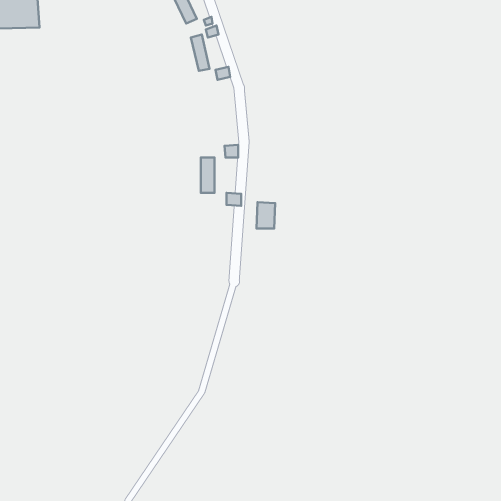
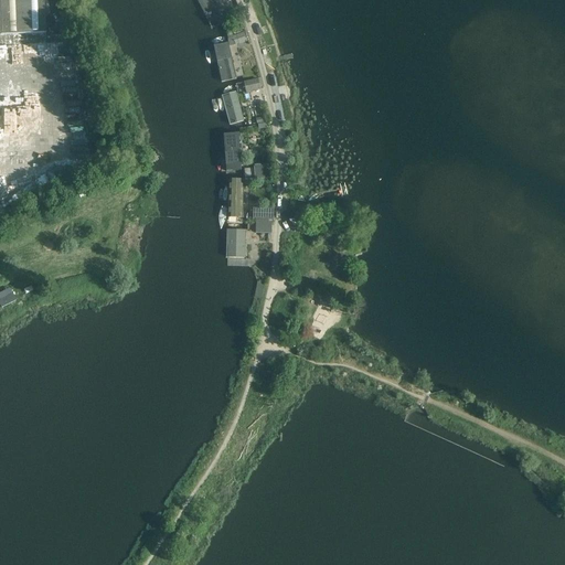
building: none -> [221,87,244,124]
building: none -> [221,130,242,170]
building: [256,202,275,229] -> [223,226,244,256]

